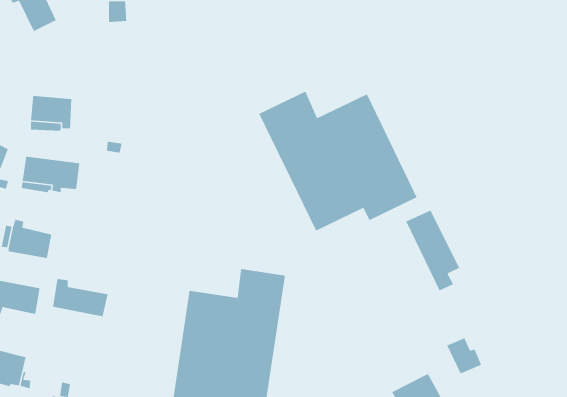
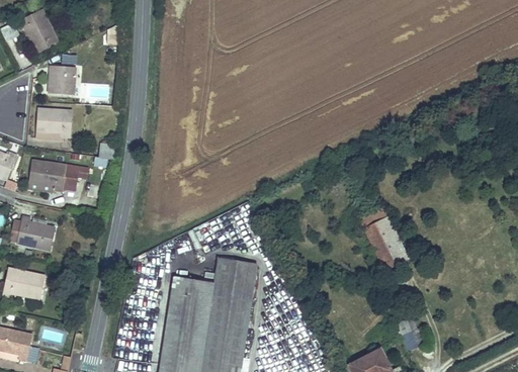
building: none -> [48,65,76,94]
building: [258,91,418,232] -> none
building: [52,278,108,317] -> none

